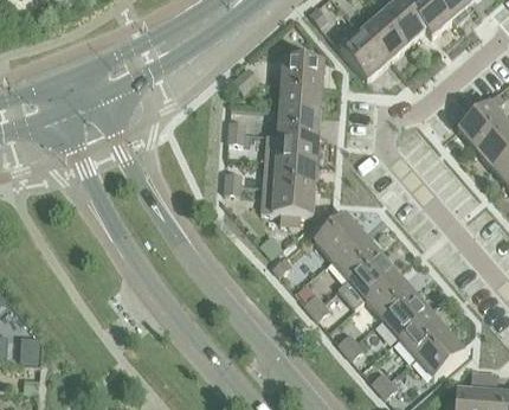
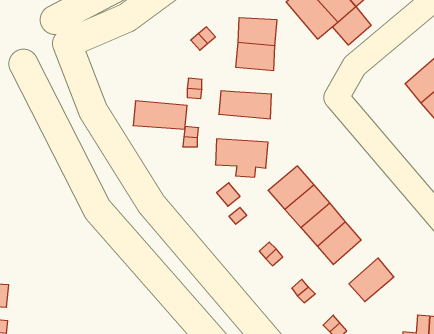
building: none -> [333,7,371,45]
building: [278,109,320,137] -> none
building: [259,159,316,188] -> [133,101,187,129]
building: [382,292,430,338] -> none
building: [415,331,464,377] -> none

